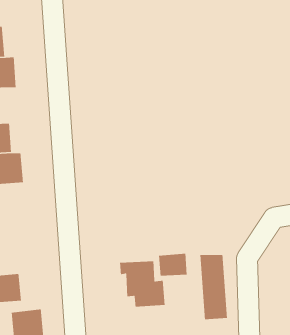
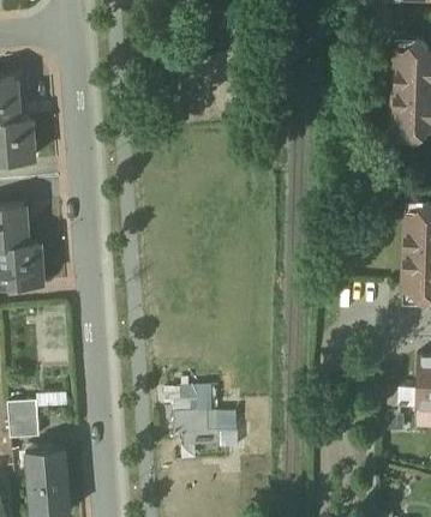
building: [158,253,188,277] -> none
building: [199,254,228,320] -> none

